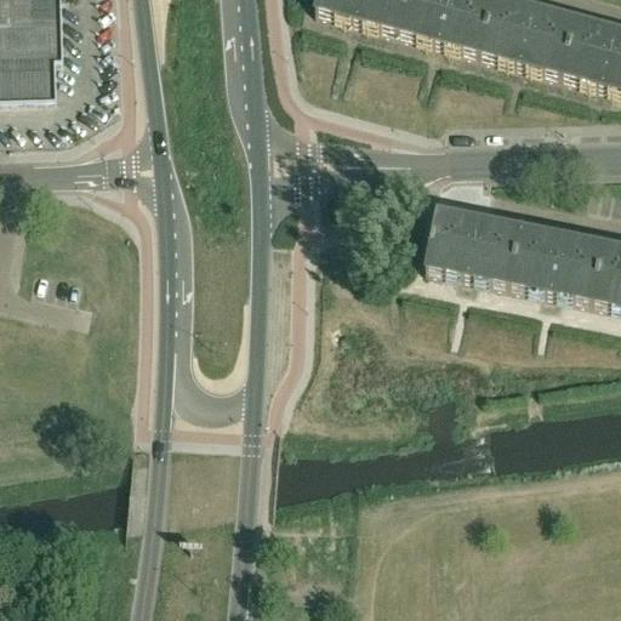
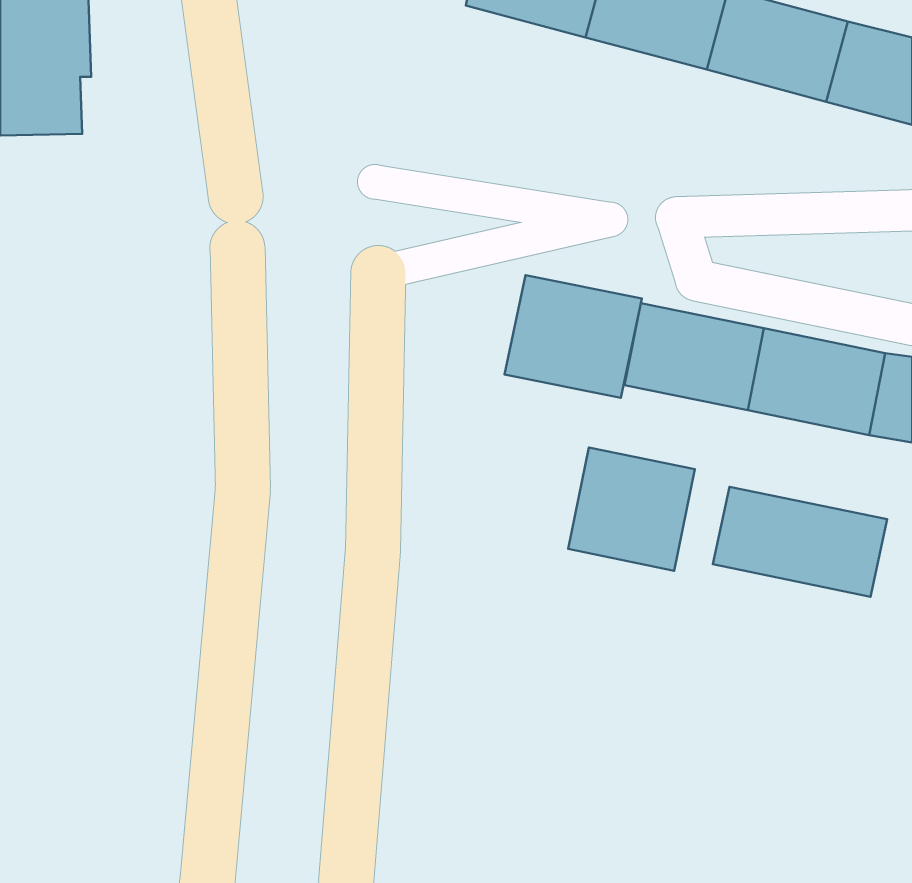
building: none -> [505,275,642,398]
building: none -> [568,447,695,571]
building: none -> [713,487,887,597]

